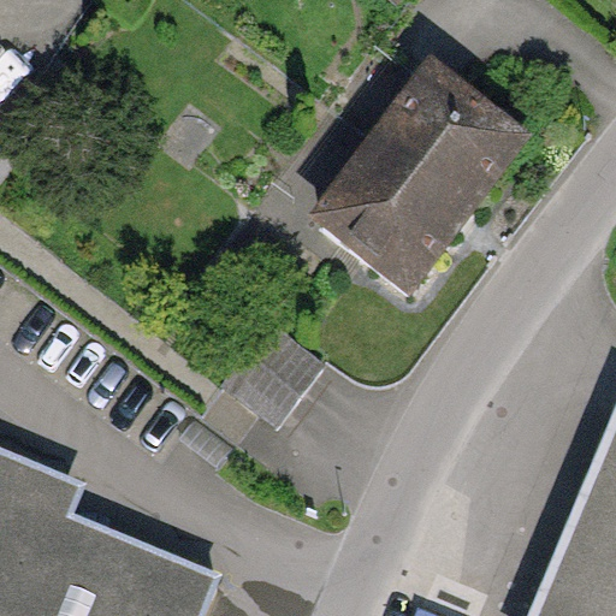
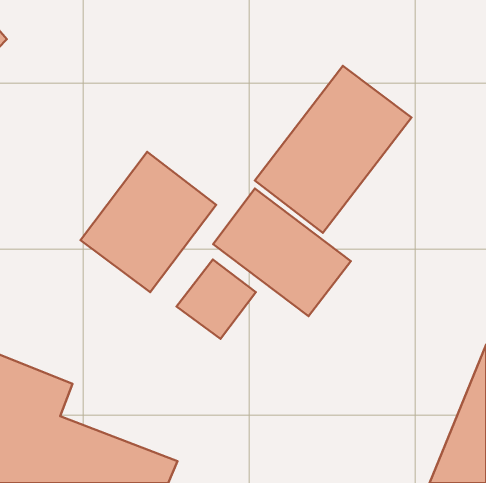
building: none -> [81,152,216,292]
building: none -> [213,189,351,316]

